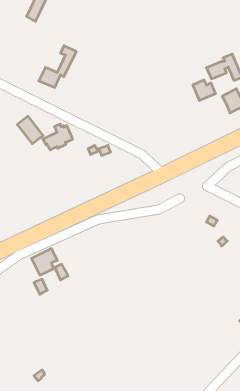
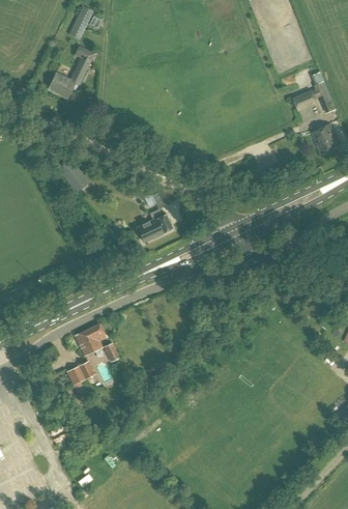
building: [39,46,76,87] -> [47,46,93,97]
building: [193,80,215,101] -> none
building: [43,124,73,150] -> [134,209,171,242]

